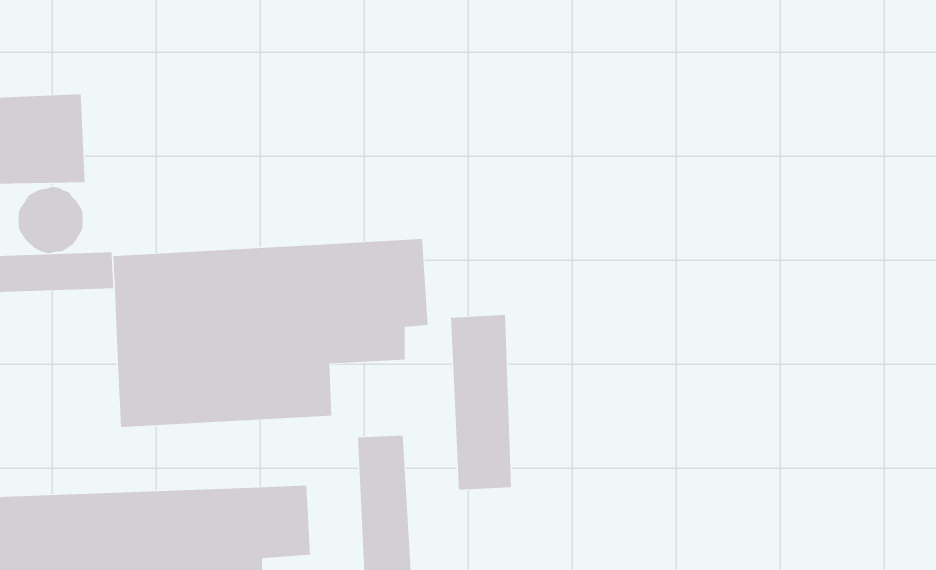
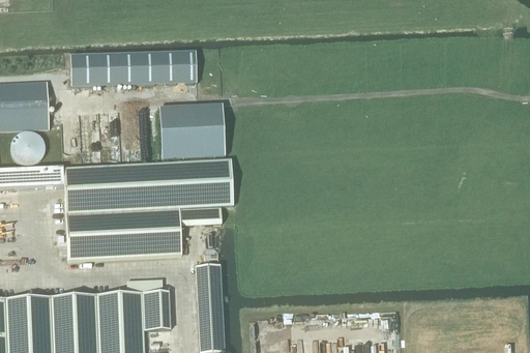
building: none -> [70,50,196,85]
building: none -> [158,102,225,158]
building: [450,314,511,491] -> none

